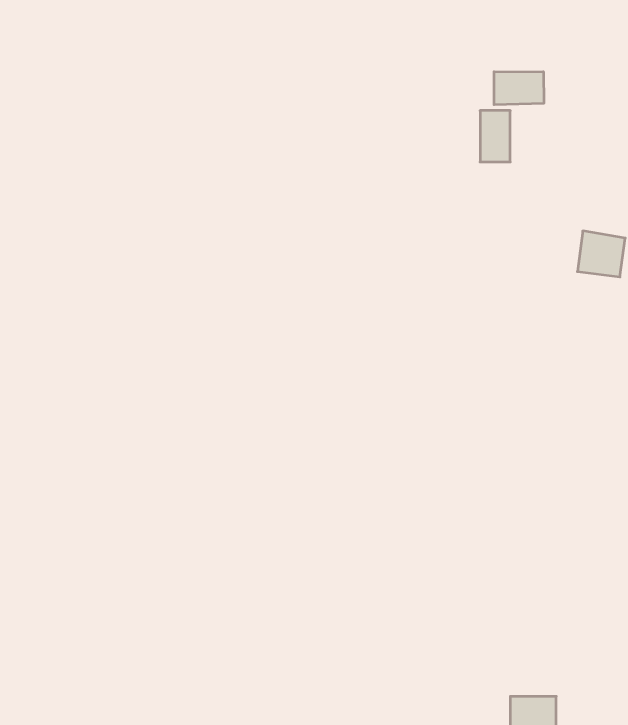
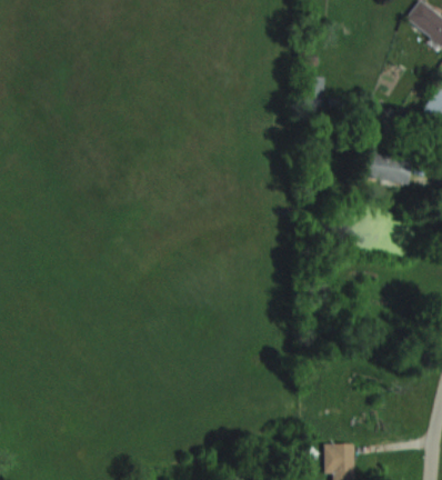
building: [494,72,544,105] -> none

